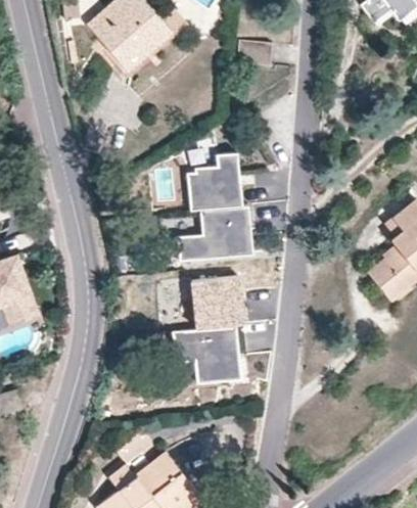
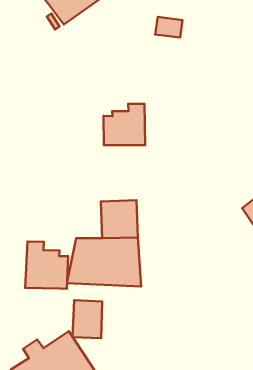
building: [174,204,249,263] -> none
building: none -> [25,241,68,289]
building: none -> [73,300,102,338]

